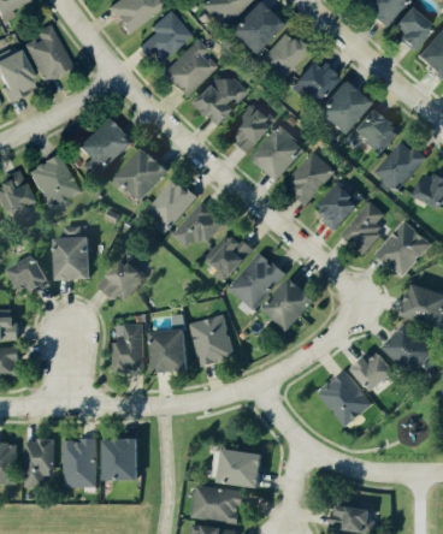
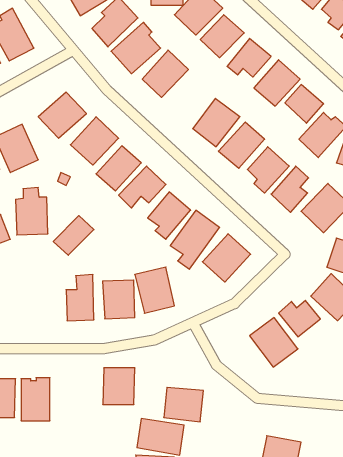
building: [225,102,274,153] -> none
building: [105,438,141,479] -> [103,368,135,404]

